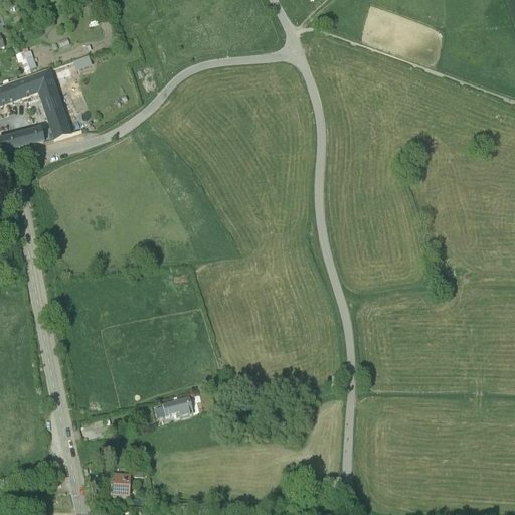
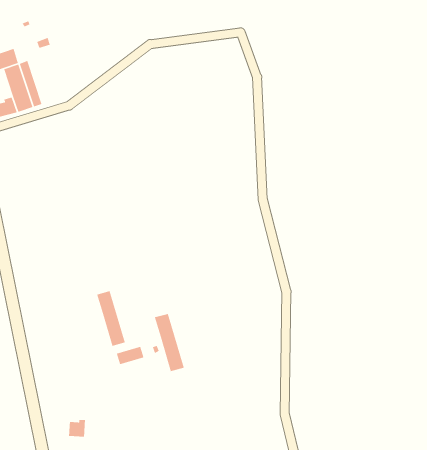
building: none -> [96,290,126,347]
building: none -> [154,313,185,372]

